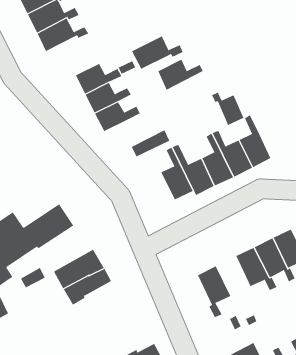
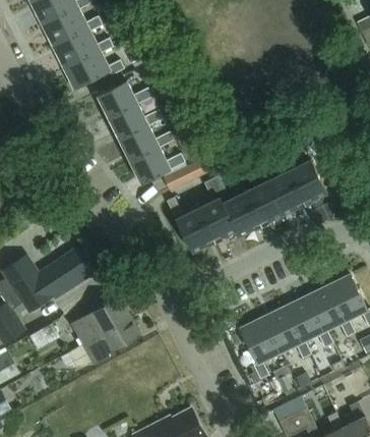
building: [131,36,184,70] -> [62,50,123,90]
building: [157,59,204,90] -> [130,148,184,184]
building: [211,92,244,126] -> none
building: none -> [166,198,212,253]
building: none -> [261,307,310,359]

